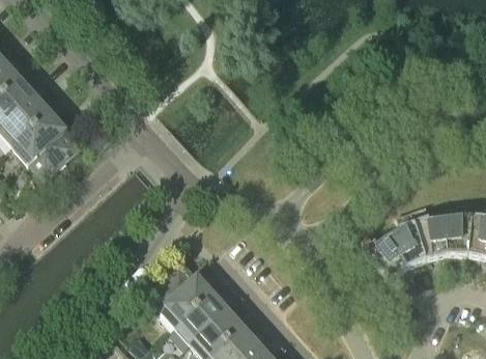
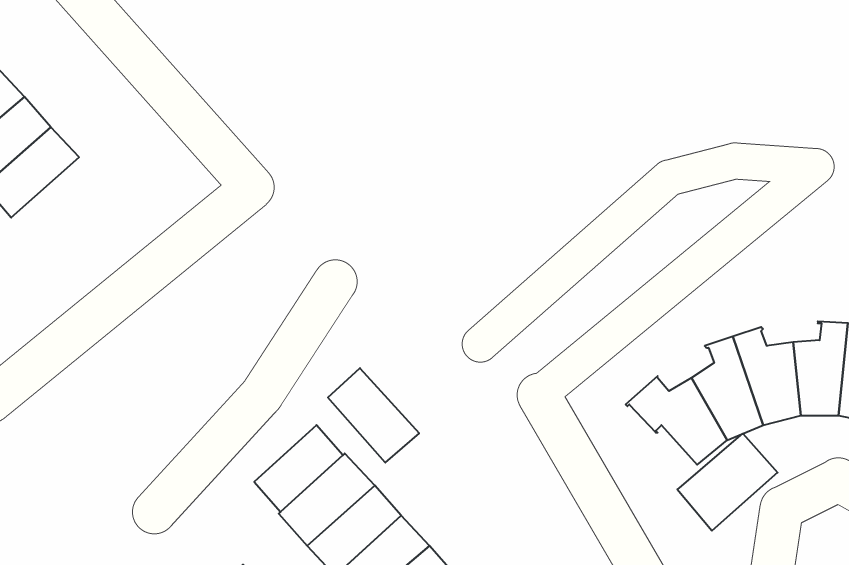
building: [17,113,83,180] -> none
building: none -> [328,368,419,463]
building: none -> [677,434,778,531]

